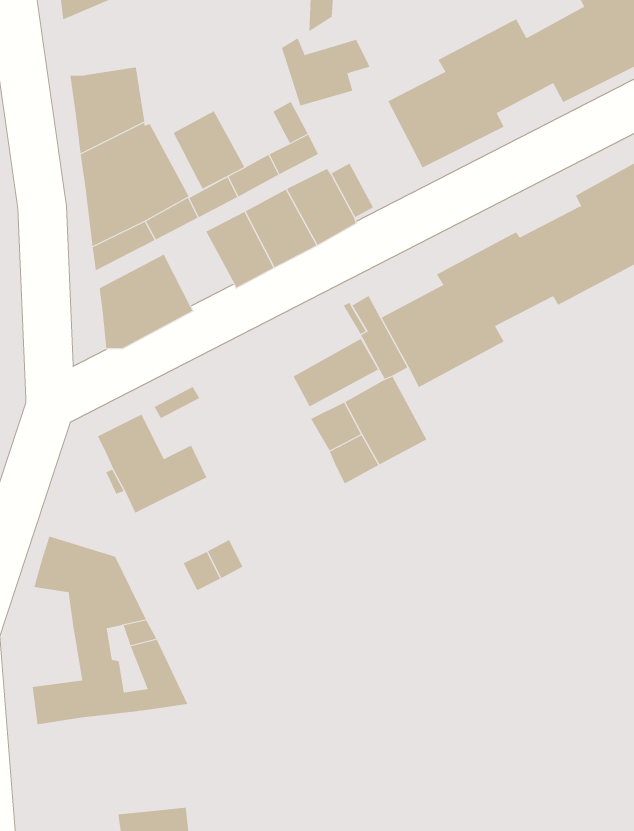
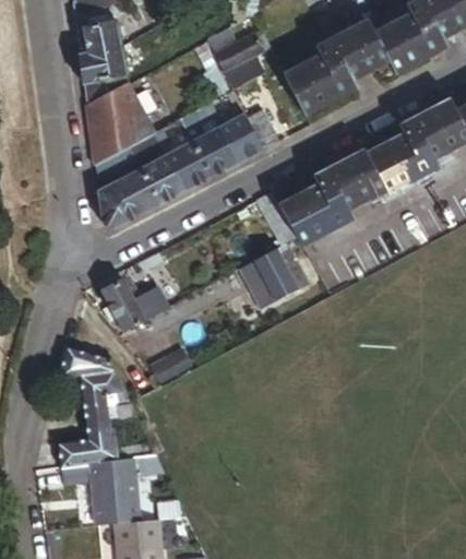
building: none -> [86,21,123,52]
building: [173,110,245,190] -> [141,152,187,202]
building: [293,338,379,407] -> none
building: none -> [88,456,133,524]

